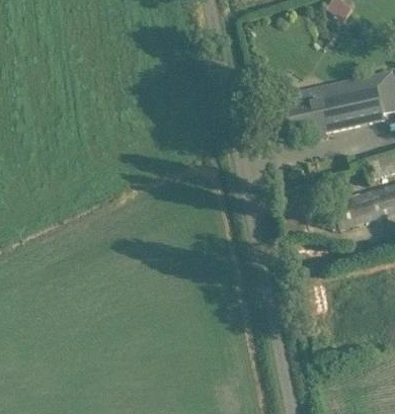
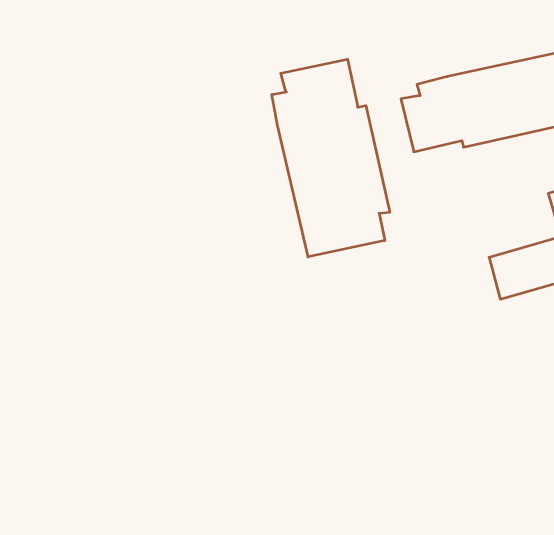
building: none -> [272,59,390,257]

